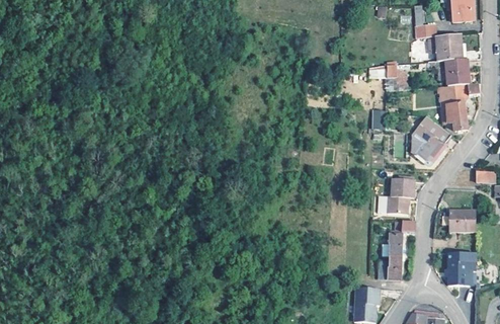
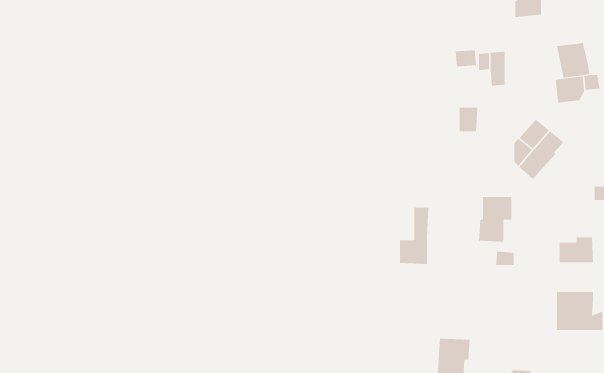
building: [437,34,463,62] -> none
building: [447,103,468,132] -> none
building: [378,235,401,279] -> [399,207,429,264]

